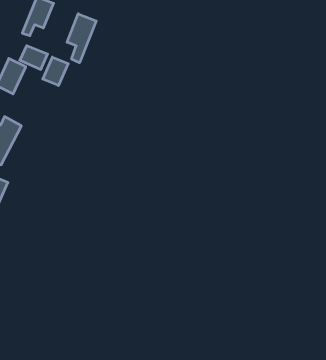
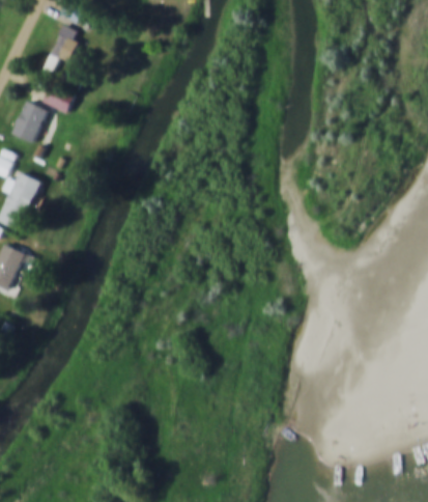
building: [67,14,96,63] -> none
building: [43,57,68,86] -> none

